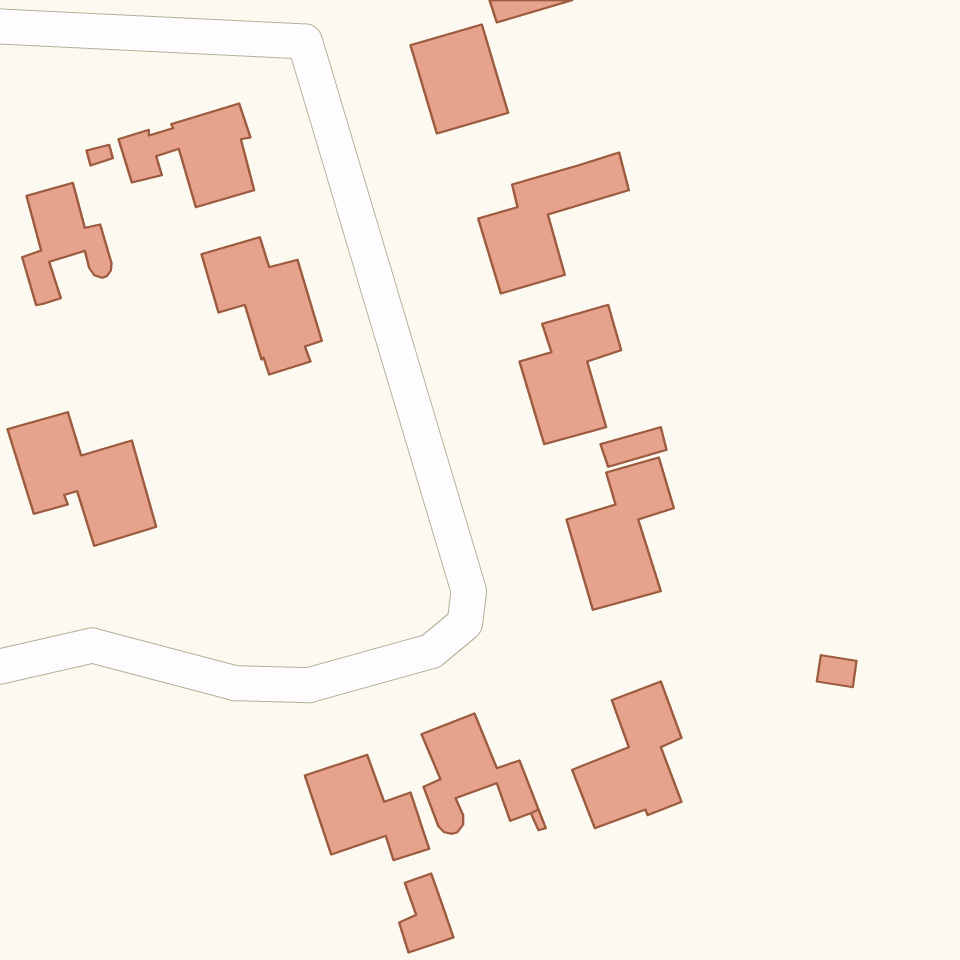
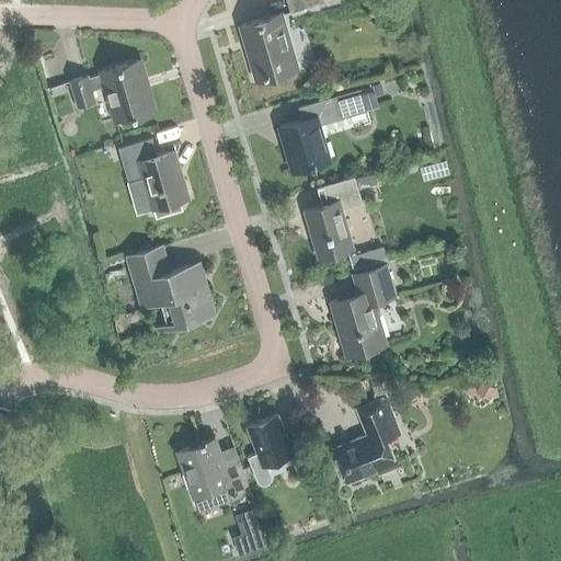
building: [22,183,112,305] -> none
building: [8,412,156,546] -> [127,248,214,325]

